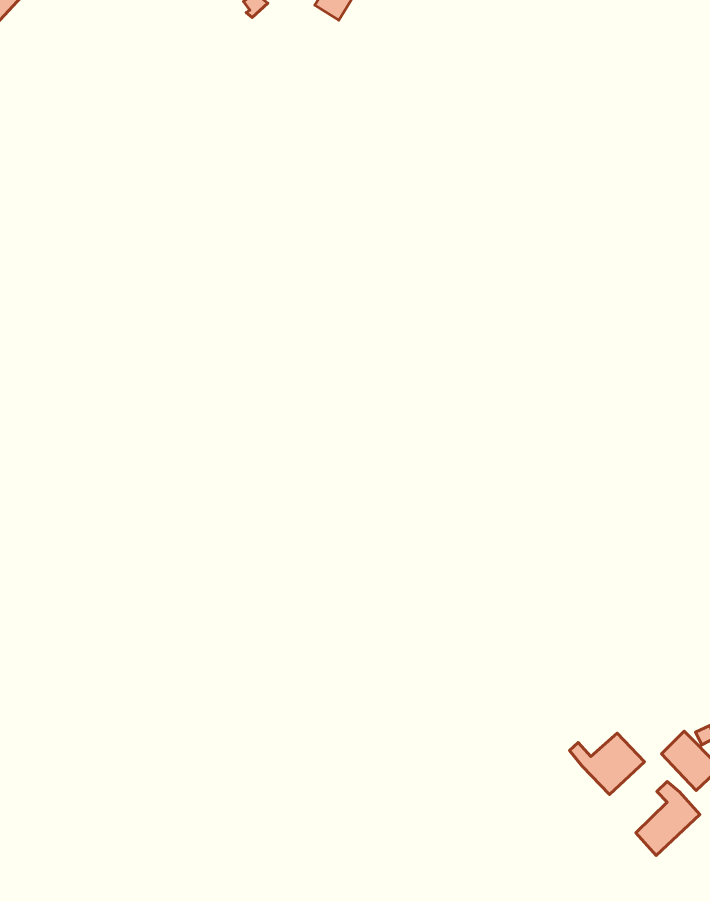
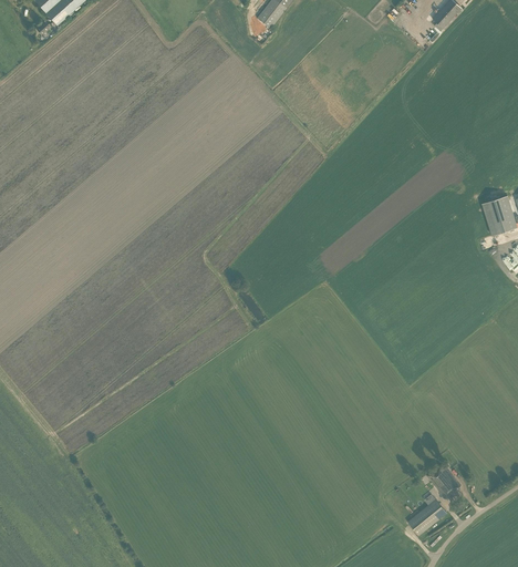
building: [569,733,645,795] -> none

